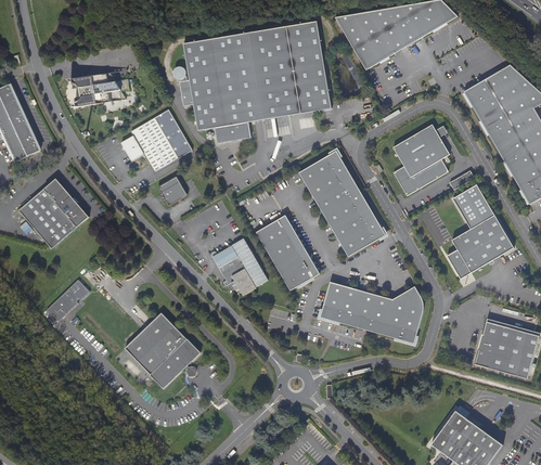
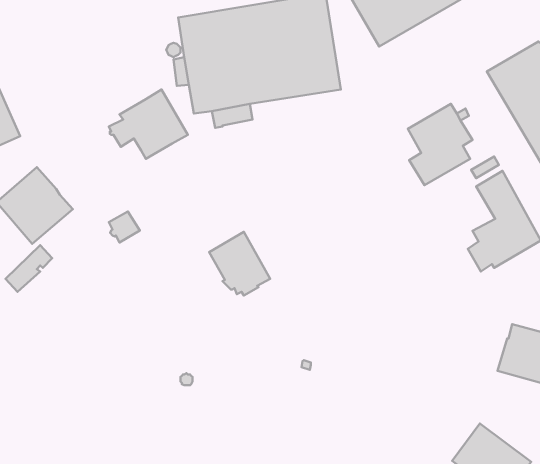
building: [70,72,126,106] -> none
building: [298,150,385,257] -> none
building: [158,177,186,205] -> [109,211,140,243]
building: [256,215,320,290] -> none
building: [47,279,89,321] -> [6,245,52,292]
building: [320,282,423,343] -> none
building: [124,312,199,388] -> none

